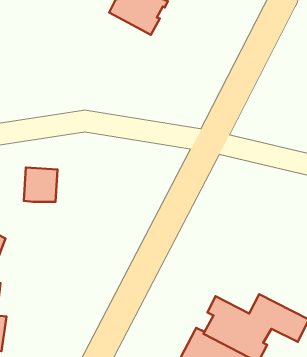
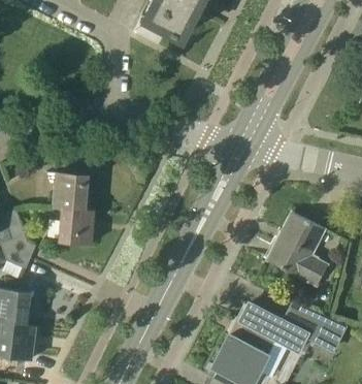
building: none -> [60,209,95,245]
building: none -> [268,213,327,287]

